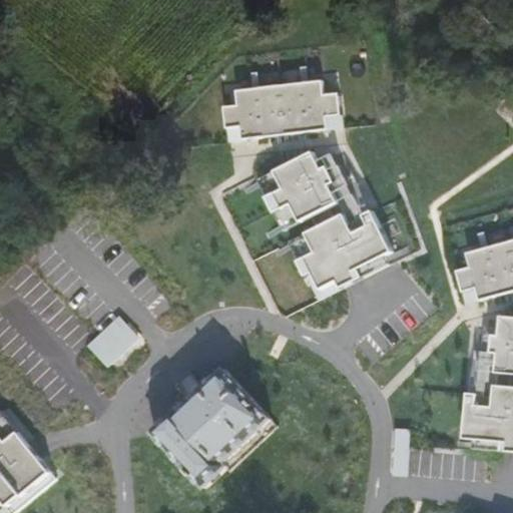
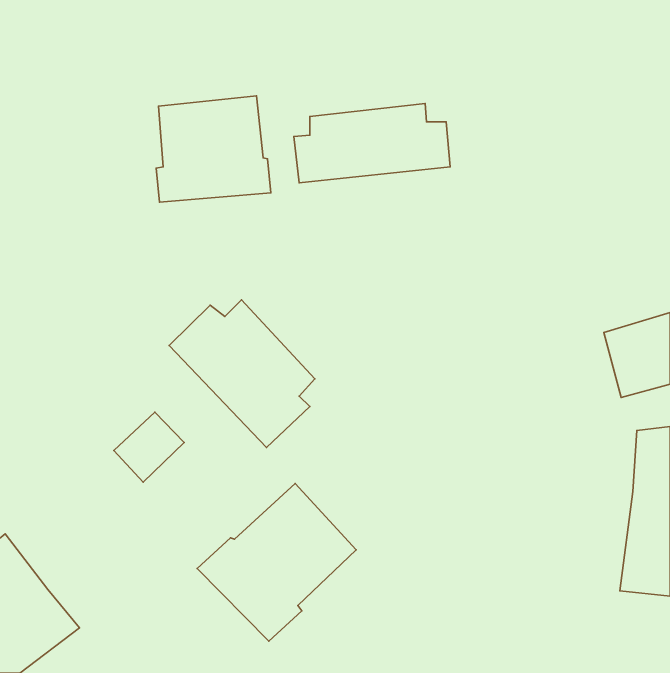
building: none -> [156,96,271,202]
building: [265,149,392,286] -> none
building: none -> [169,300,315,447]

